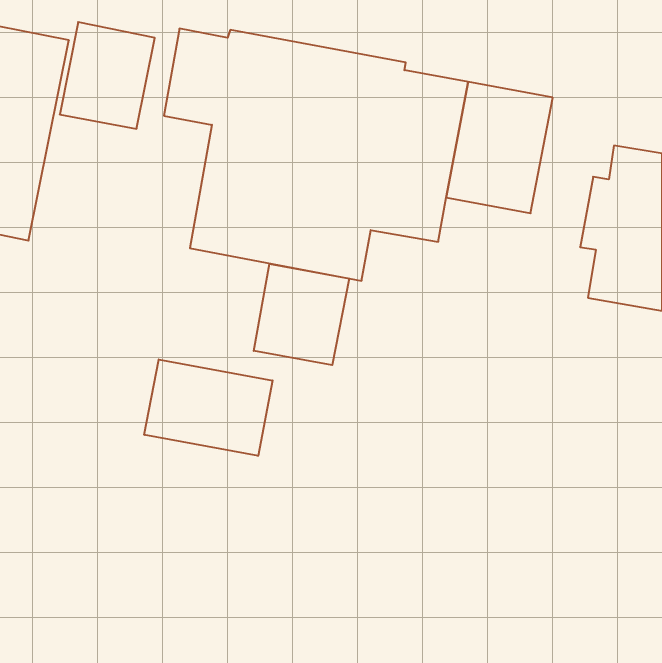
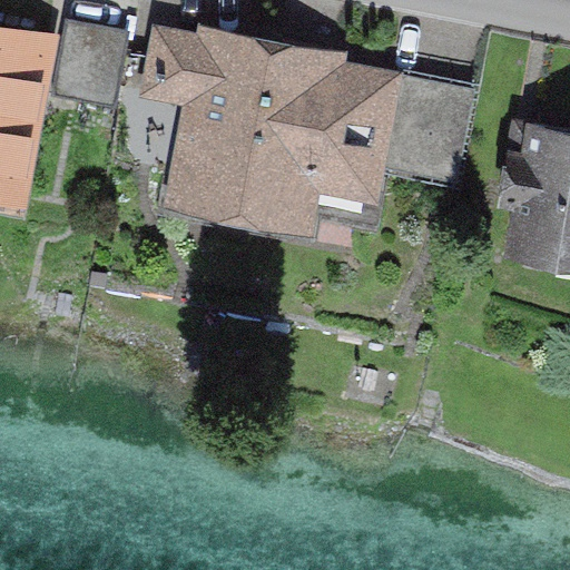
building: [254,264,349,365] -> none
building: [144,359,273,456] -> none

